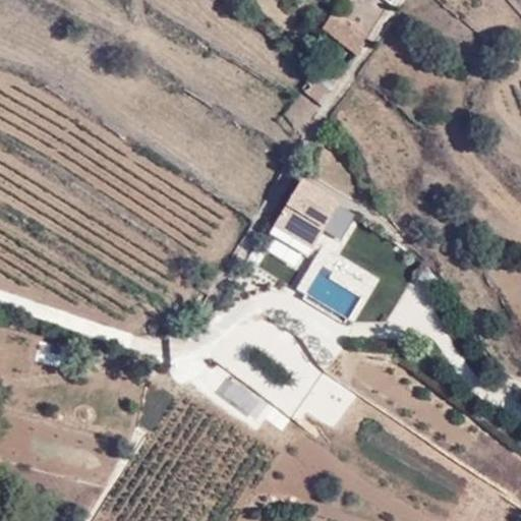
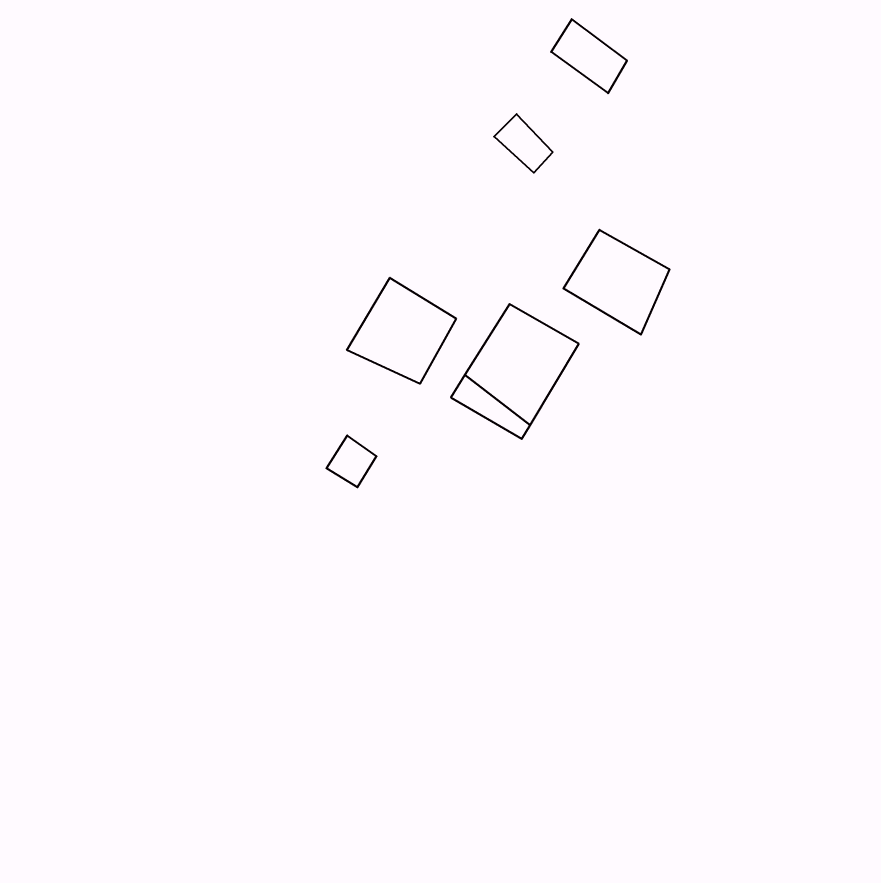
building: none -> [563,230,669,335]
building: none -> [347,278,456,384]

